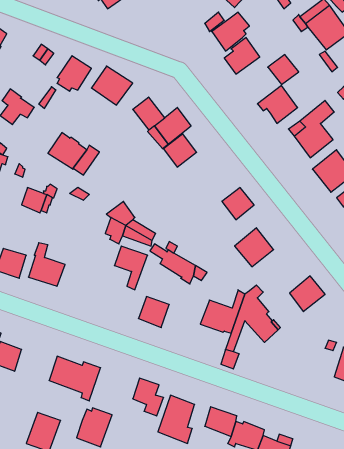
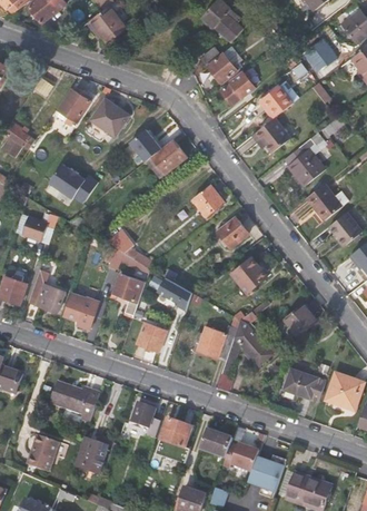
building: [163,134,197,167] -> [191,184,224,216]
building: none -> [63,294,98,328]
building: none -> [282,367,325,402]

